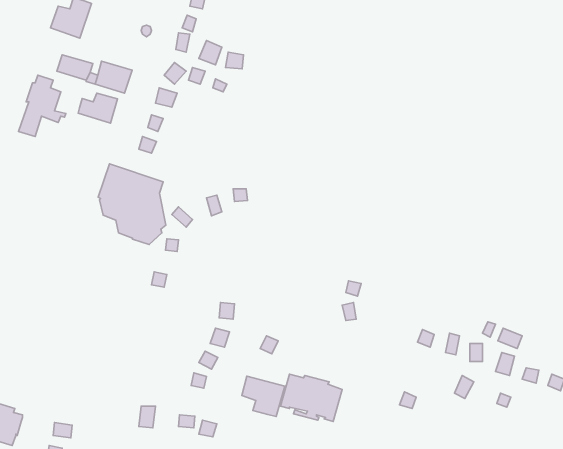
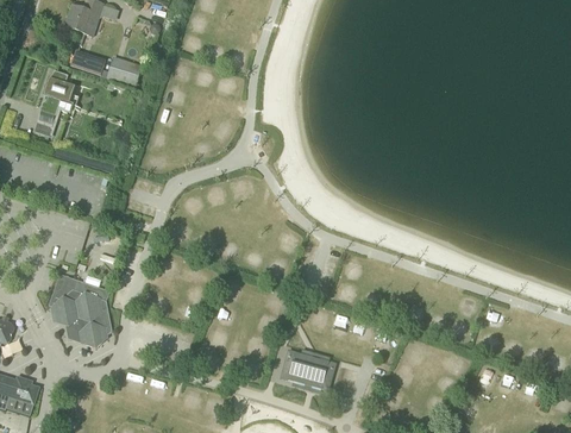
building: [78,93,117,123] -> none
building: [98,164,166,244] -> [49,274,112,349]
building: [242,376,285,417] -> none

